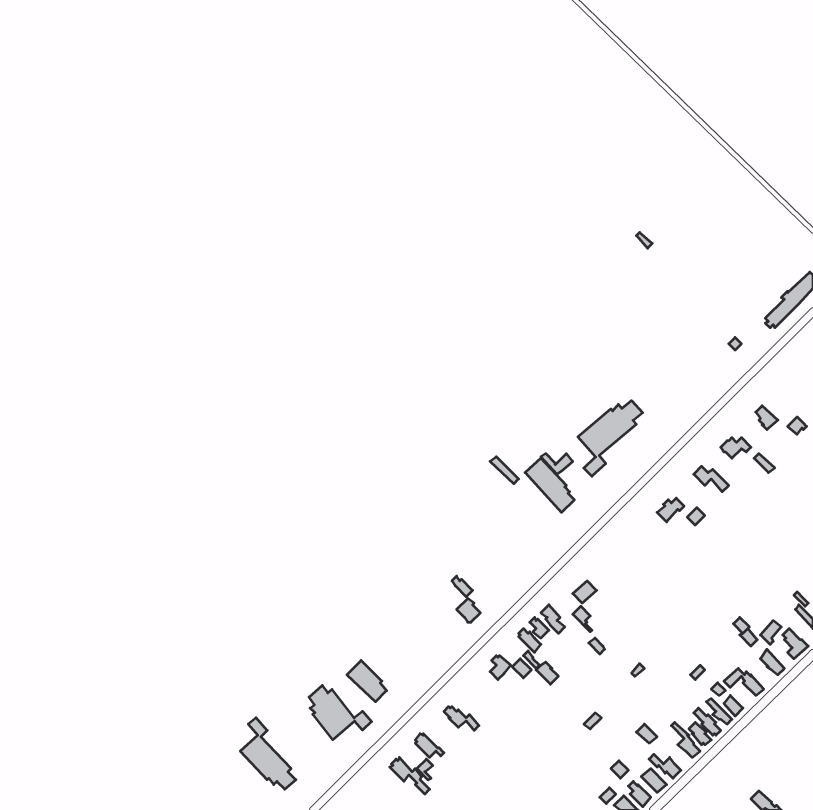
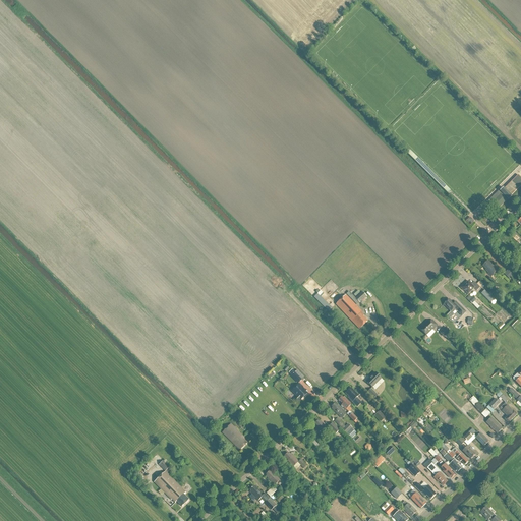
building: [578,401,643,476] -> none
building: [309,685,372,740] -> none

